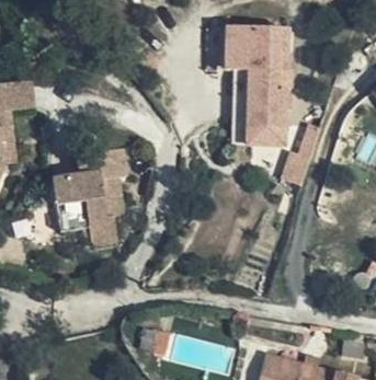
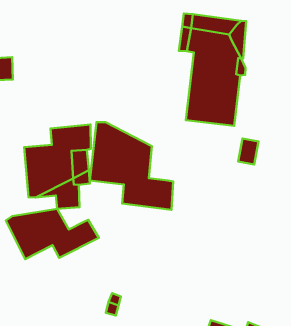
building: none -> [90,122,173,210]
building: none -> [6,209,99,259]

